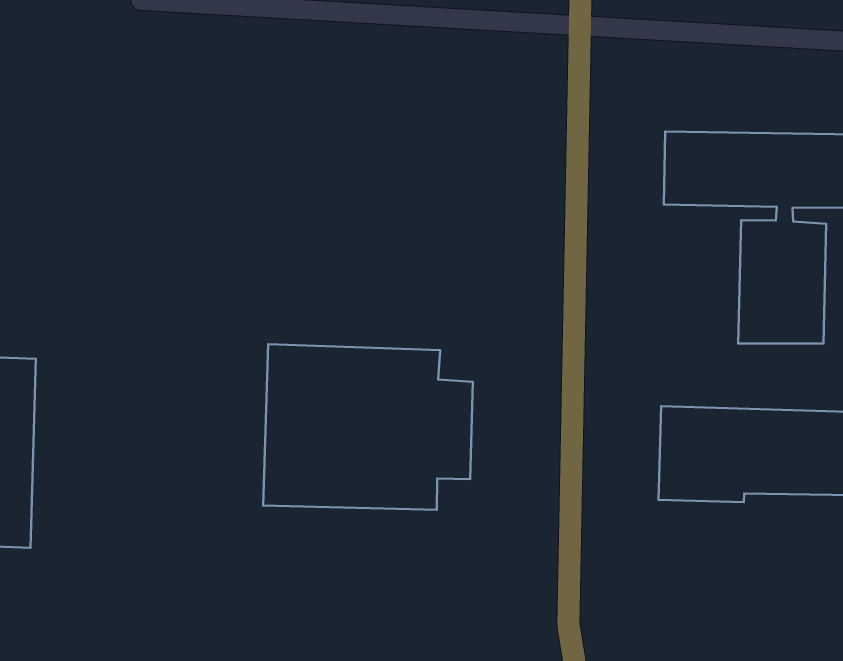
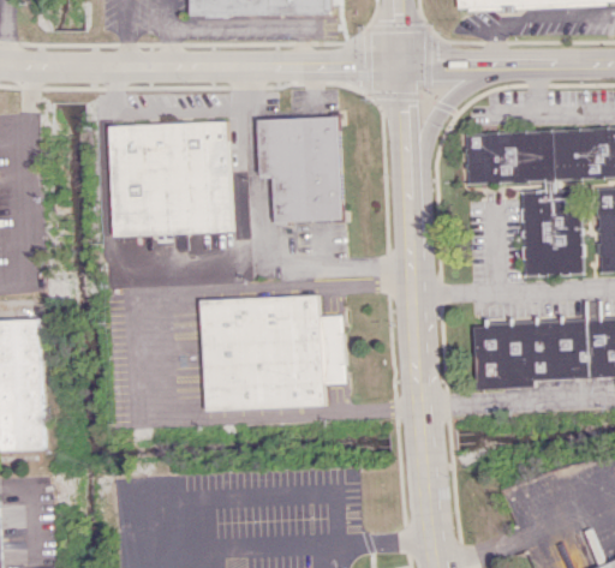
building: none -> [111,121,233,235]
building: none -> [259,116,342,222]

